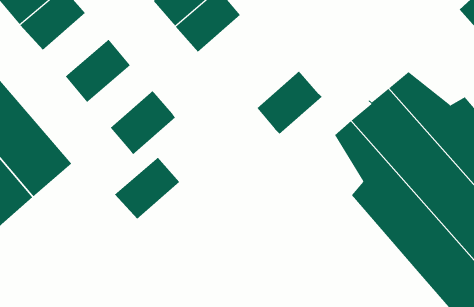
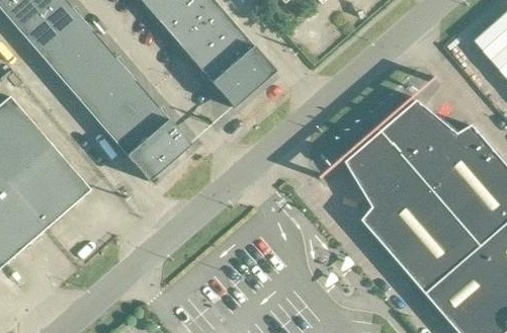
building: none -> [63,44,126,105]
building: [256,71,322,134] -> [213,46,276,107]
building: [114,157,180,220] -> [105,94,169,155]

